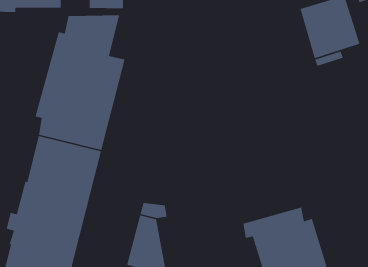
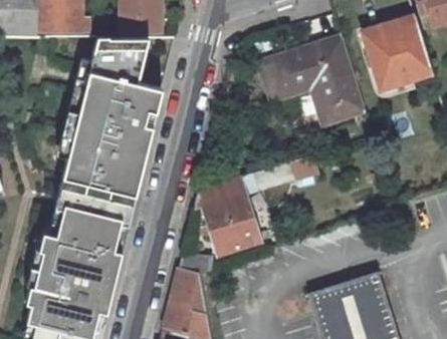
building: none -> [260,36,365,122]
building: none -> [194,161,293,255]

